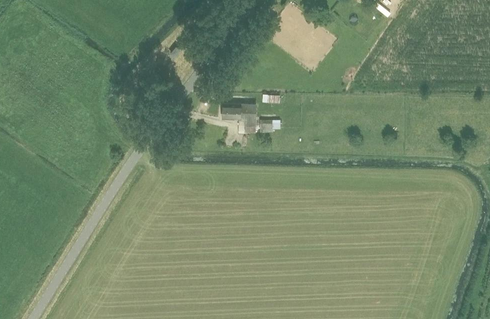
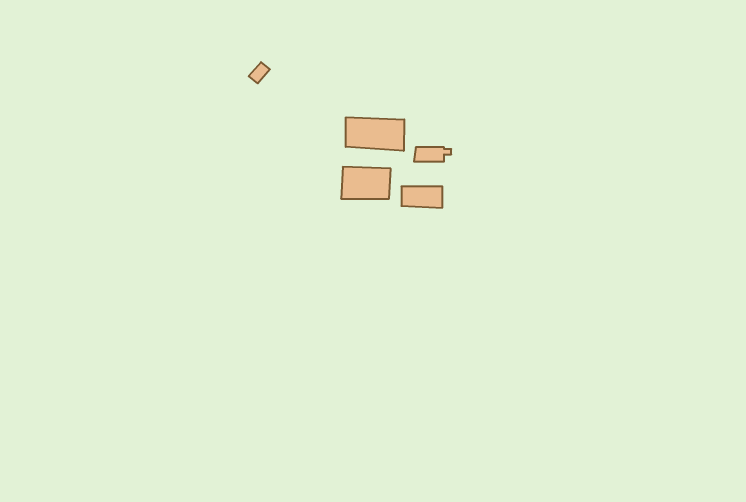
building: none -> [346,117,404,151]

